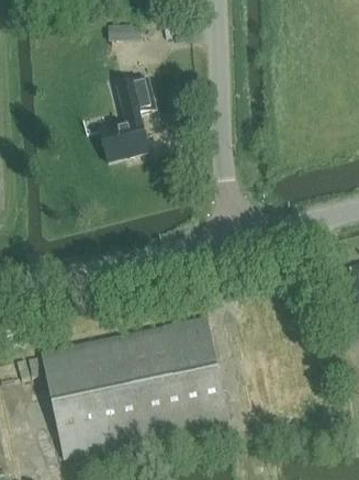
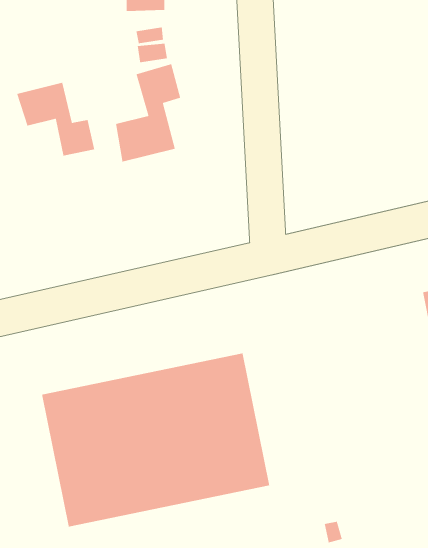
building: none -> [16,82,95,156]

